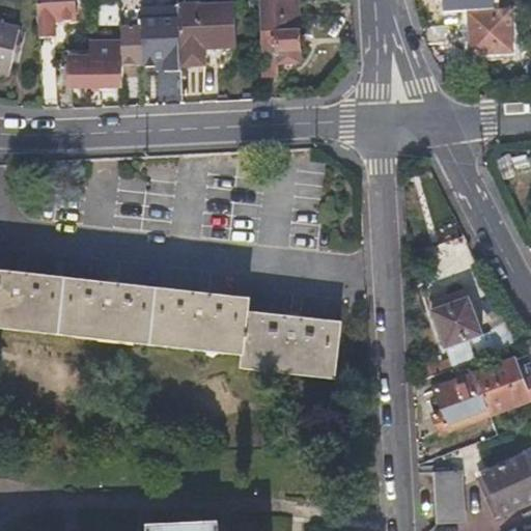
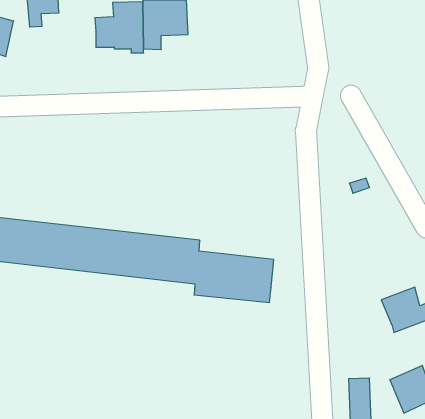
building: [469,9,510,52] -> none
building: [260,17,301,75] -> none
building: [68,41,121,85] -> none
building: [431,296,480,345] -> none
building: [432,372,488,431] -> none

